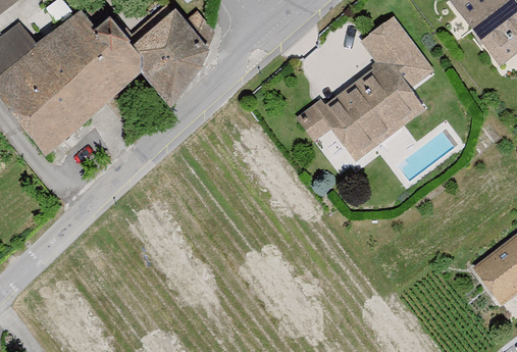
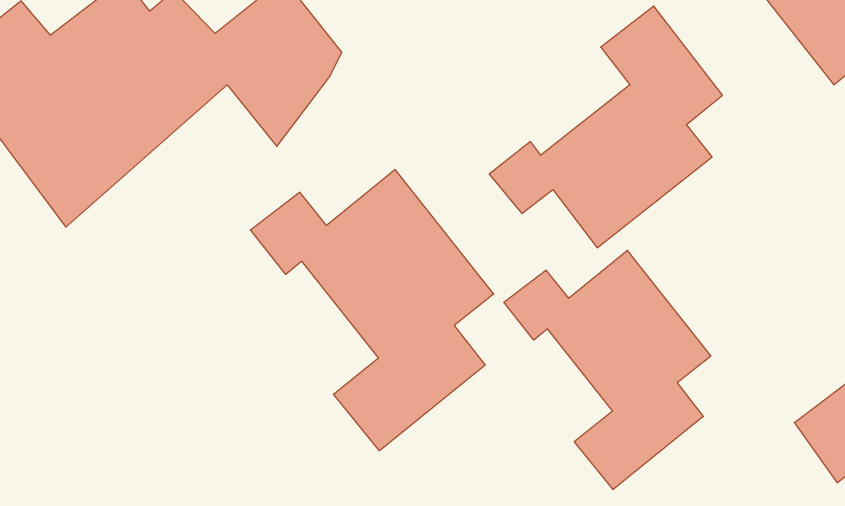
building: none -> [250,169,494,451]
building: none -> [504,250,711,490]

